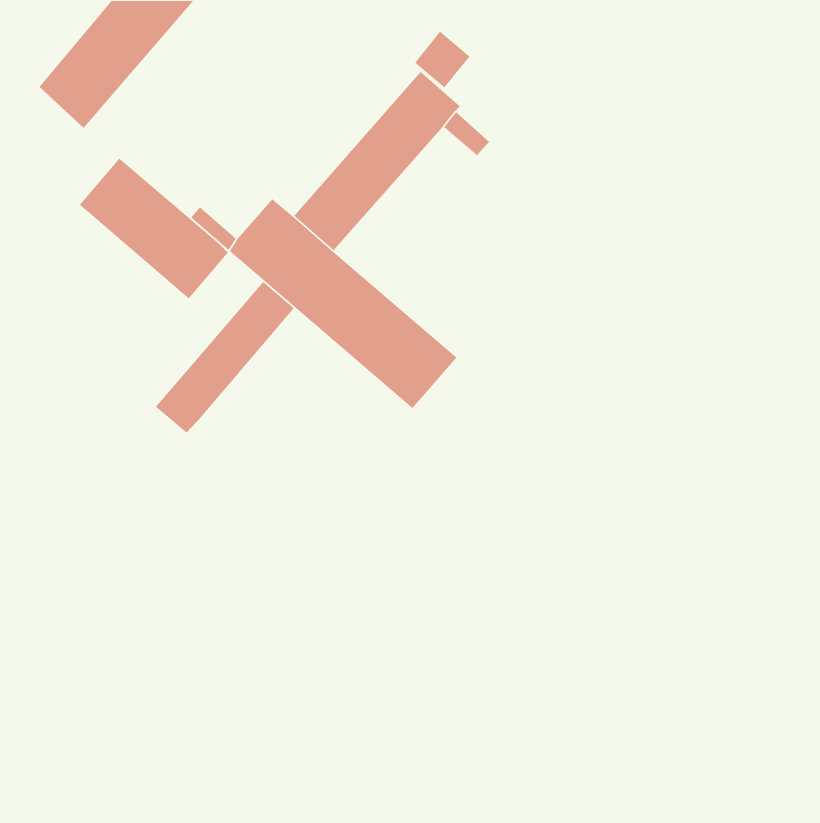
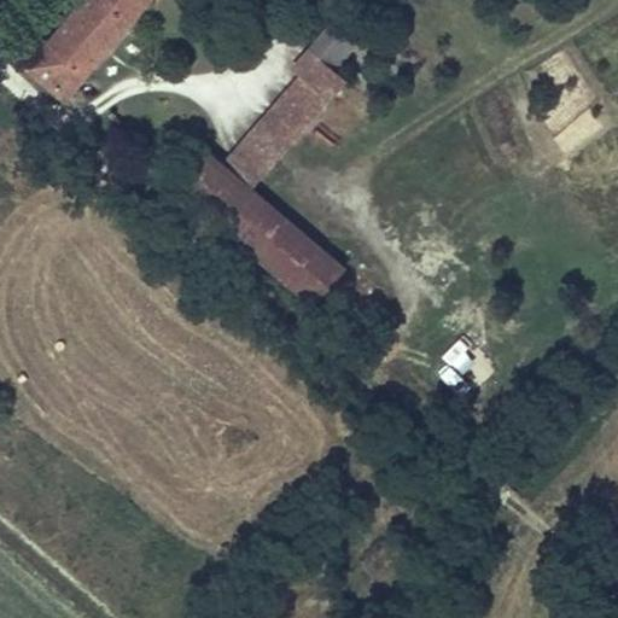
building: [79,158,229,299] -> none
building: [155,281,295,434] -> none

